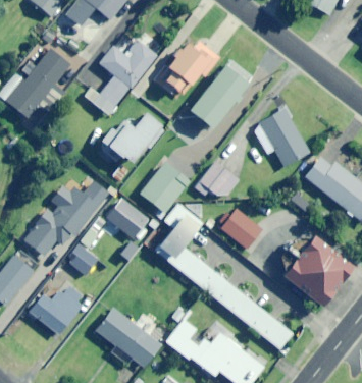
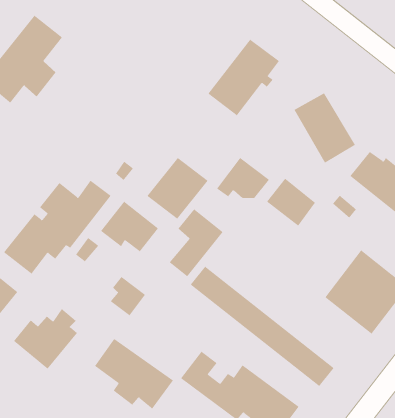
building: [85,40,157,115] -> none
building: [157,43,211,95] -> none
building: [101,114,161,163] -> none
building: [221,209,262,249] -> [266,178,316,227]
building: [69,243,99,276] -> [110,276,146,316]

